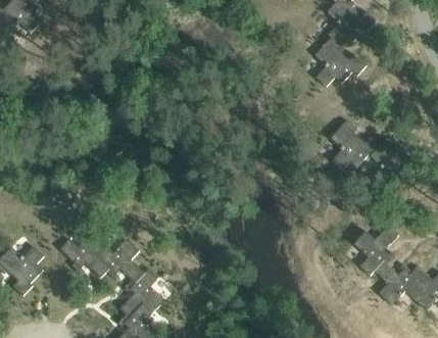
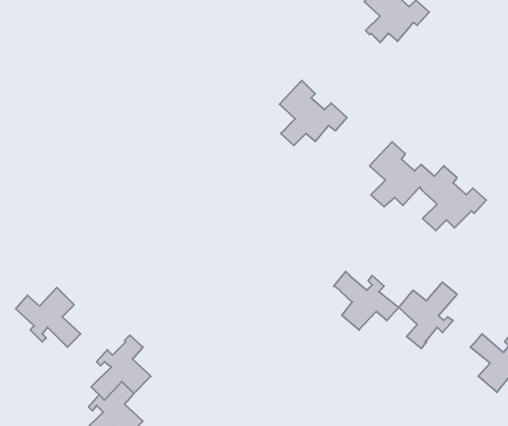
building: [314,35,367,85] -> [279,80,347,145]
building: [94,237,143,283] -> none
building: [374,261,424,306] -> [334,272,399,330]

